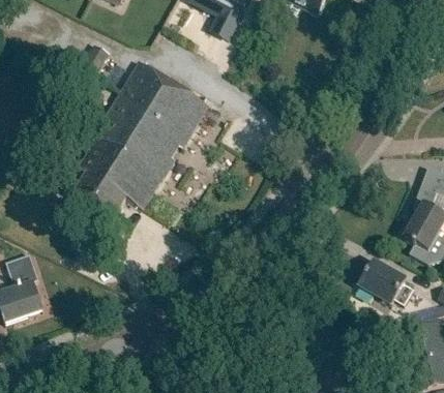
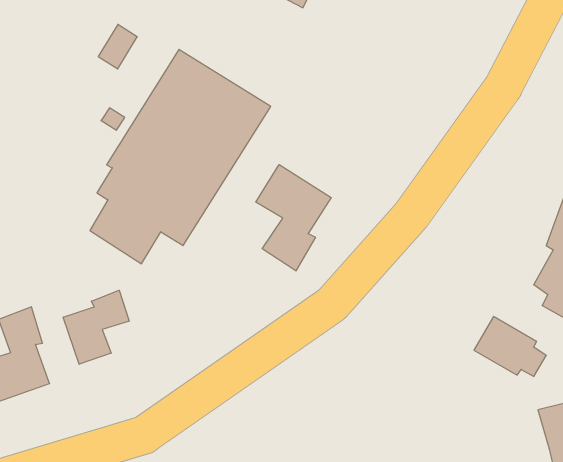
building: none -> [256,165,331,271]
building: none -> [63,290,129,364]

